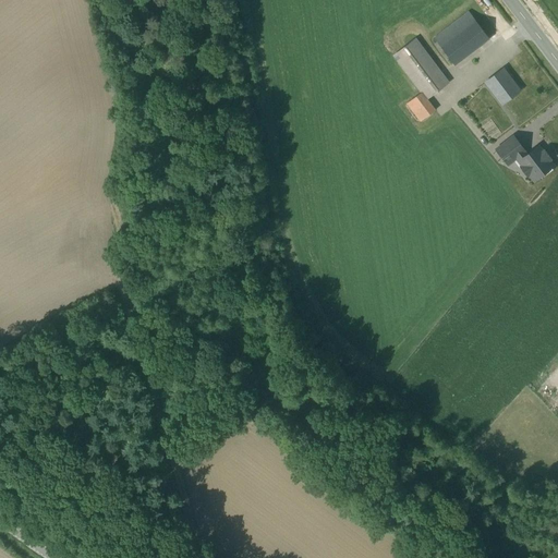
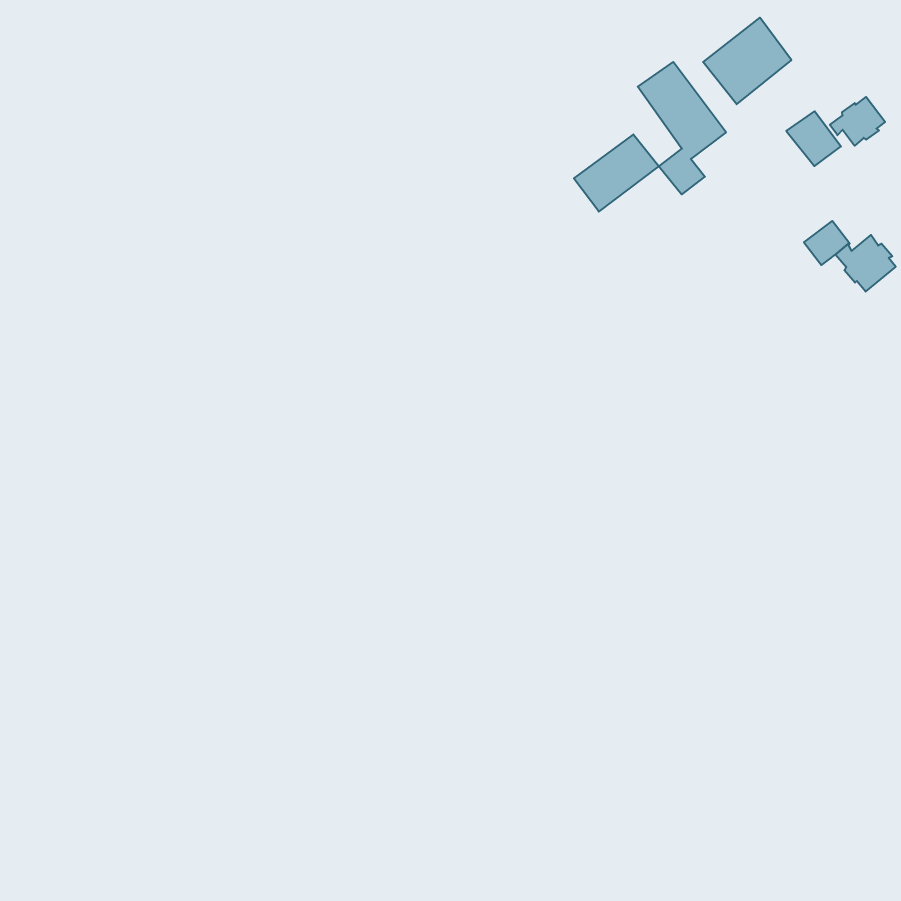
building: none -> [830,97,885,146]
building: none -> [574,134,659,212]

